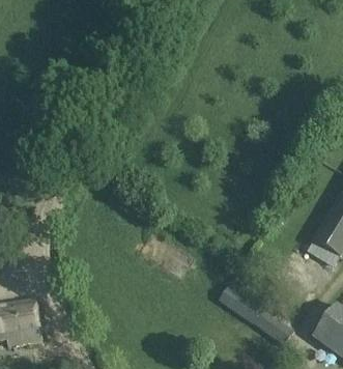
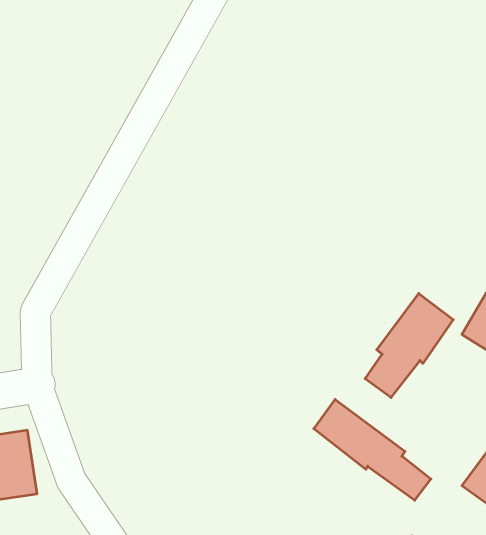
building: none -> [365,293,453,398]

